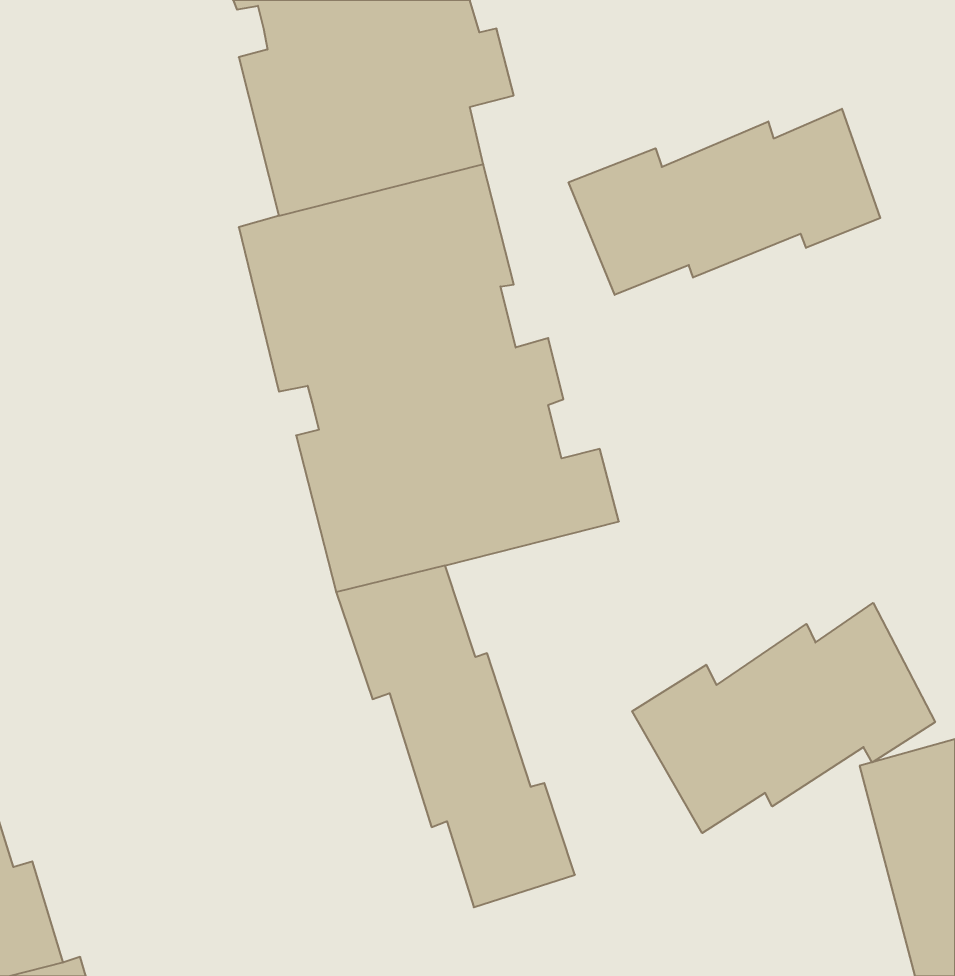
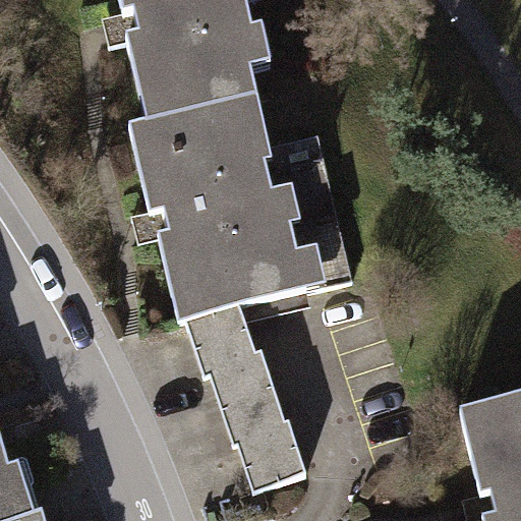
building: [569,109,880,295] -> none
building: [632,603,935,833] -> none

